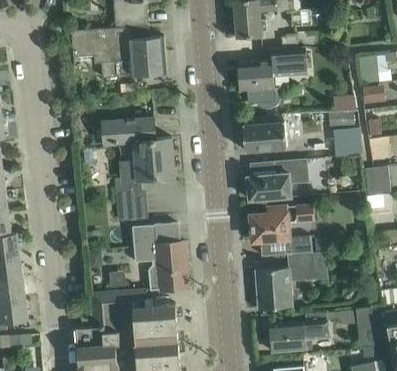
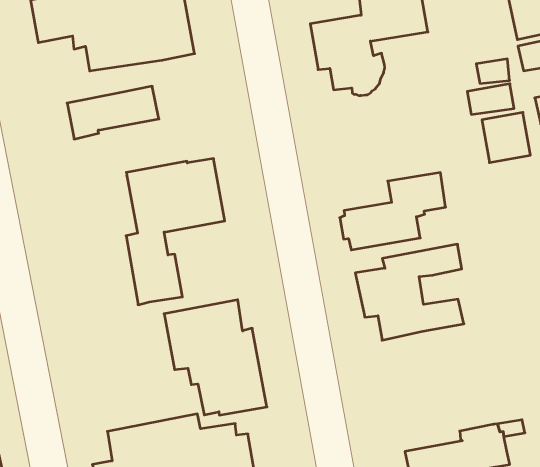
building: [240,116,287,153] -> none
building: [102,118,156,145] -> [67,86,159,139]
building: [255,251,329,310] -> none

